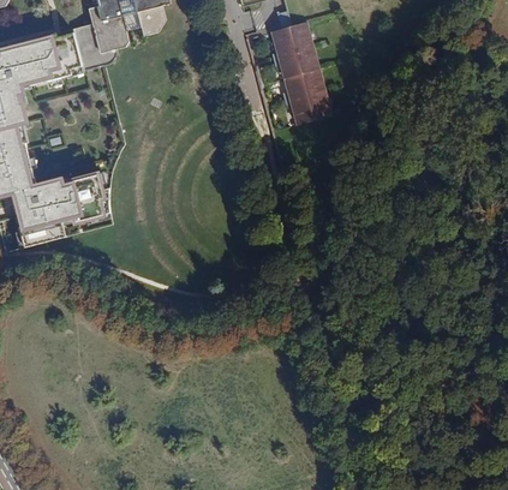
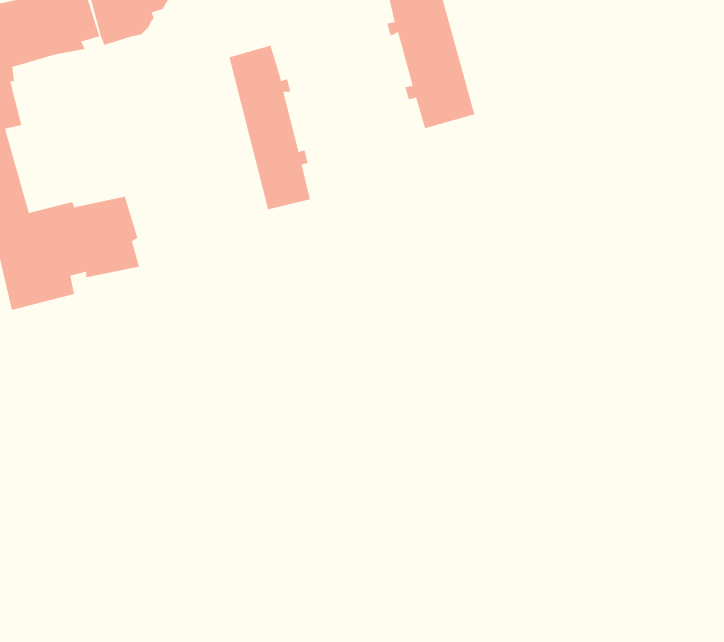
building: none -> [229,45,311,210]

